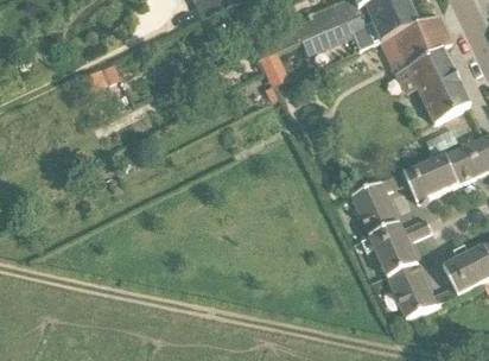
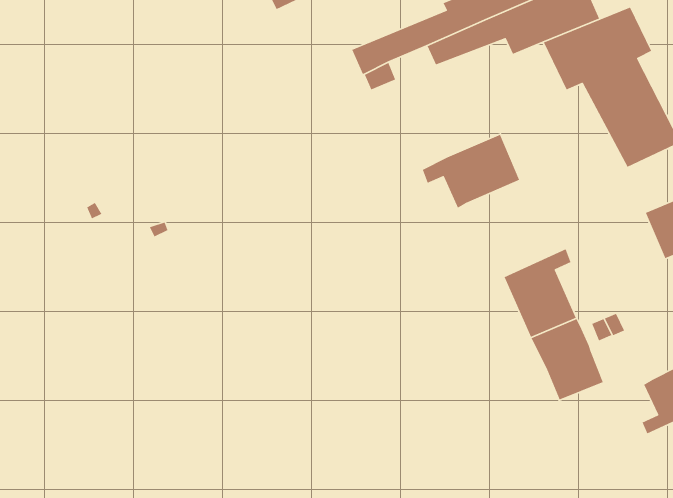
building: [394,151,459,201] -> [422,134,520,209]
building: [389,264,447,316] -> none

